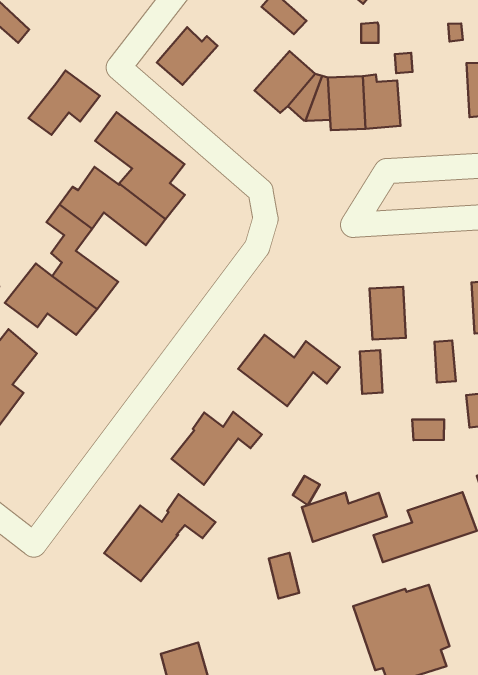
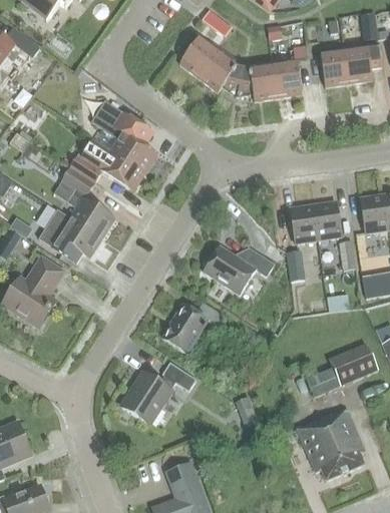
building: [157,27,218,85] -> [179,37,221,77]
building: none -> [321,46,349,86]
building: [28,70,100,135] -> none
building: none -> [313,200,341,239]
building: [302,493,387,542] -> none

